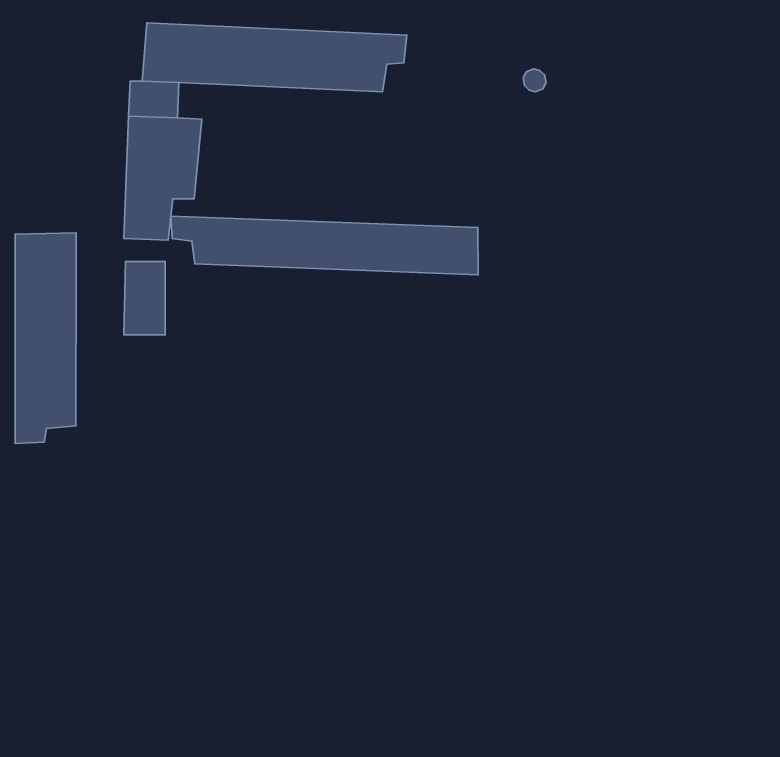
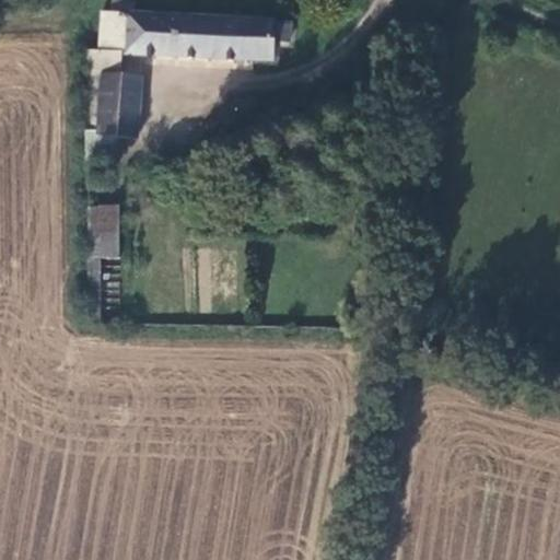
building: [171,216,478,275] -> none
building: [15,233,76,443] -> none

